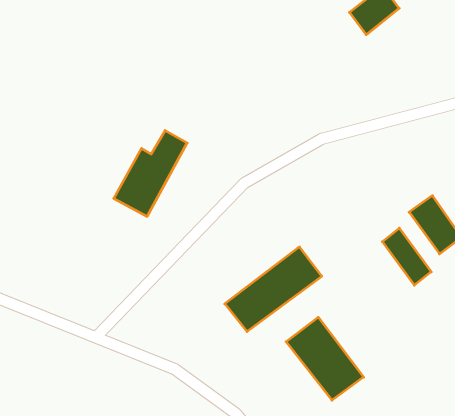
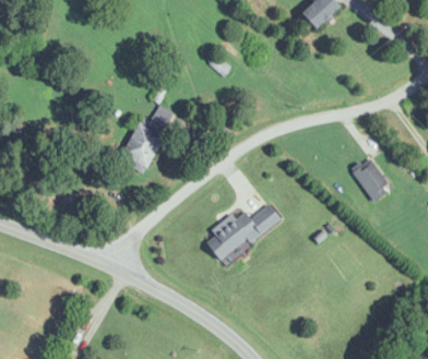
building: [382,228,431,285] -> none
building: [286,317,364,400] -> none

